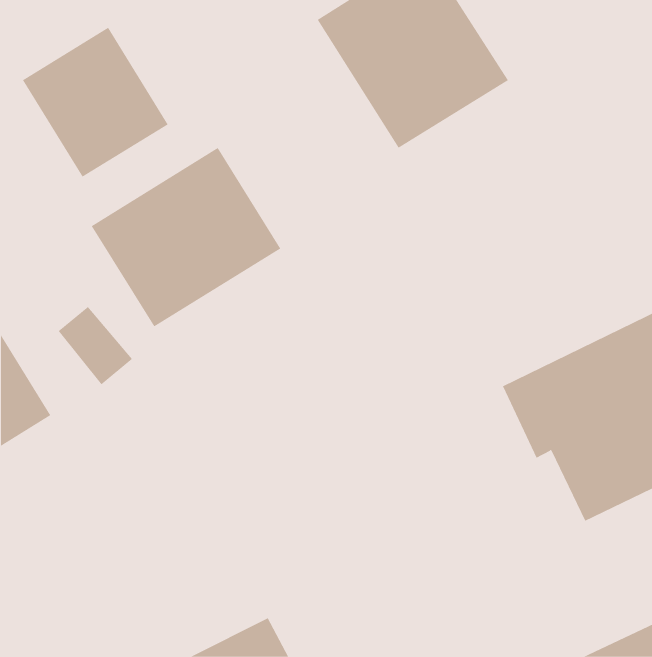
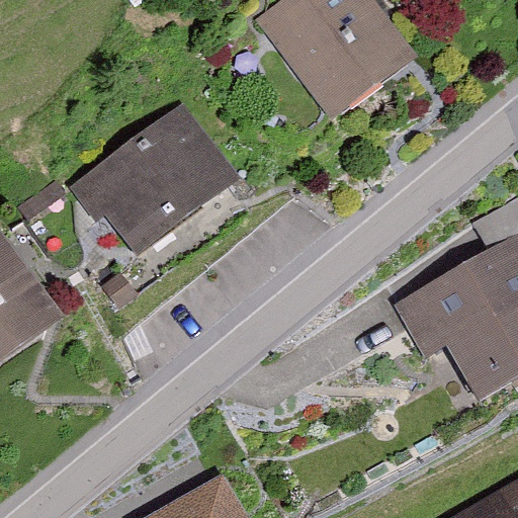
building: [22,27,169,177] -> none

